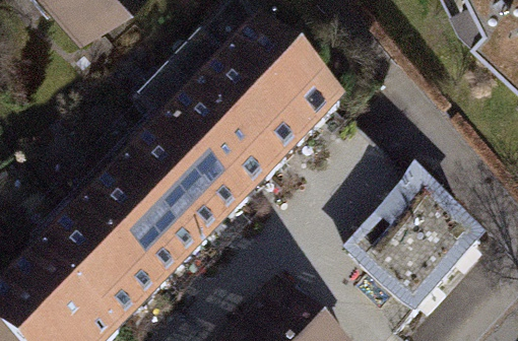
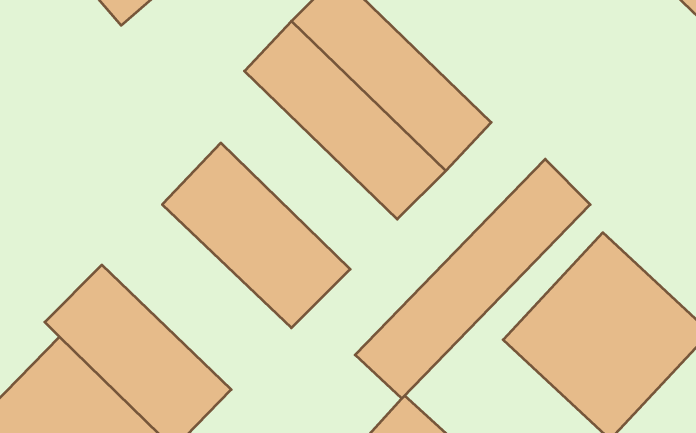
building: [138,62,276,199] -> none
building: none -> [355,159,590,398]
building: [72,154,203,282] -> none

